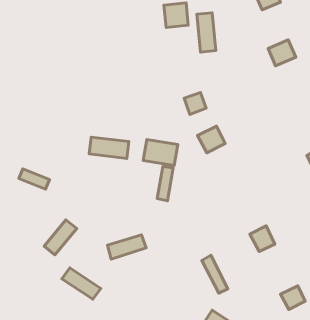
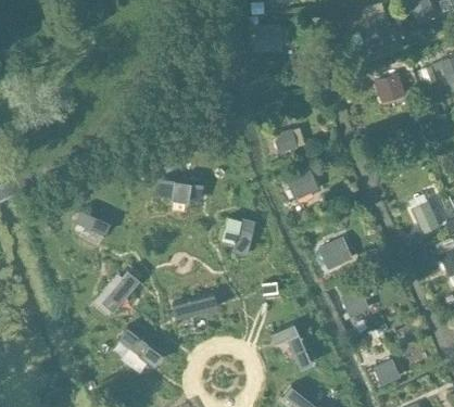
building: [197,13,216,52] -> none
building: [143,139,178,166] -> none
building: none -> [319,239,353,271]

